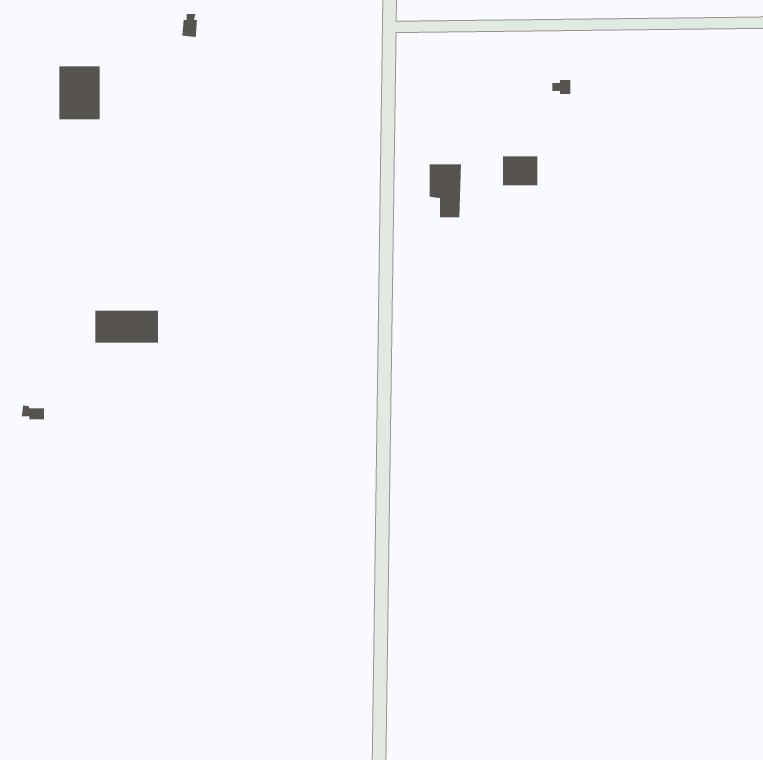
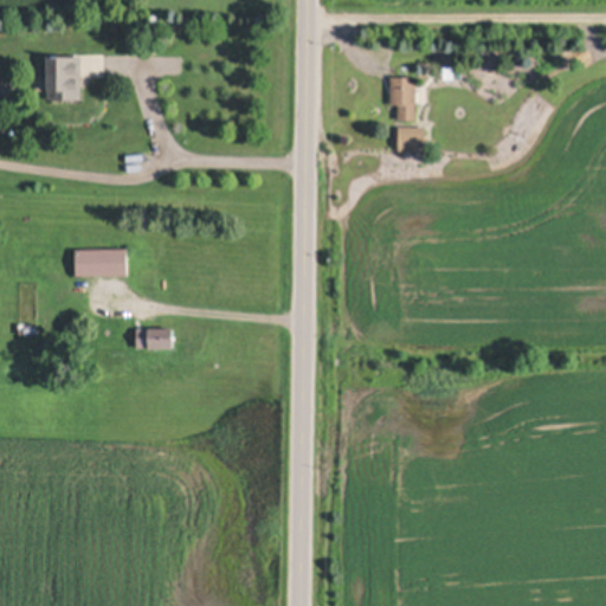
building: [429,164,462,218] -> [388,78,414,121]
building: none -> [135,329,172,349]

